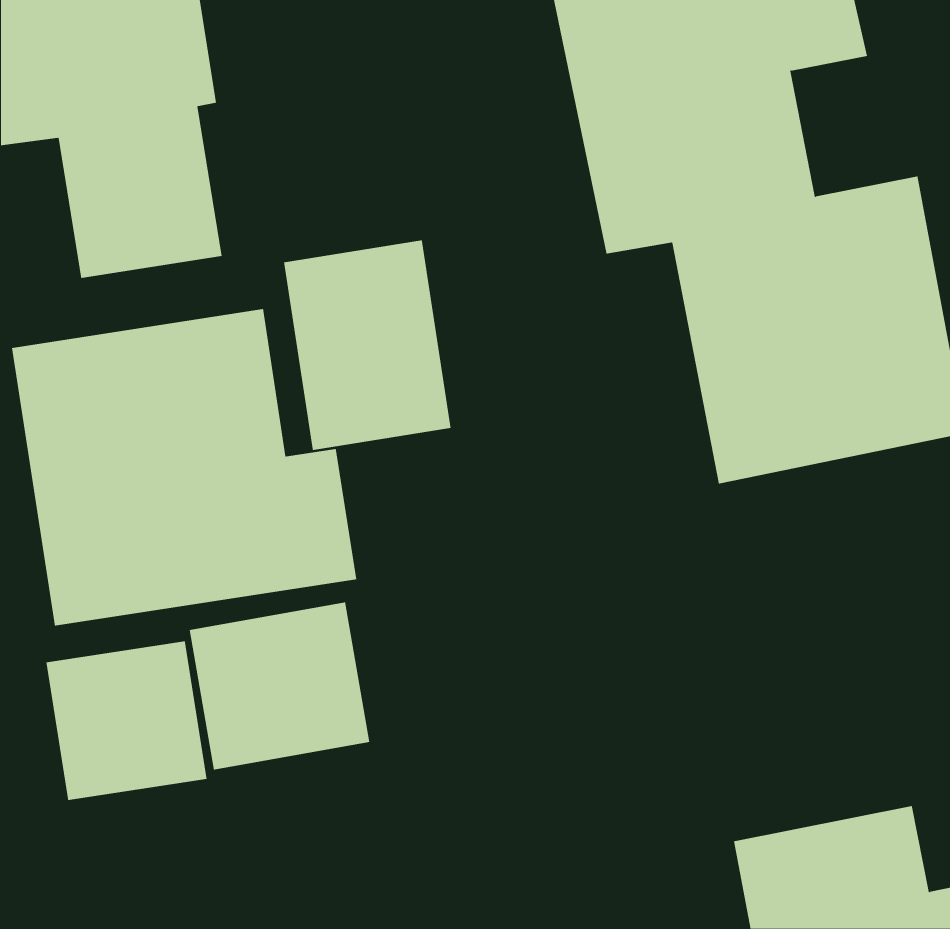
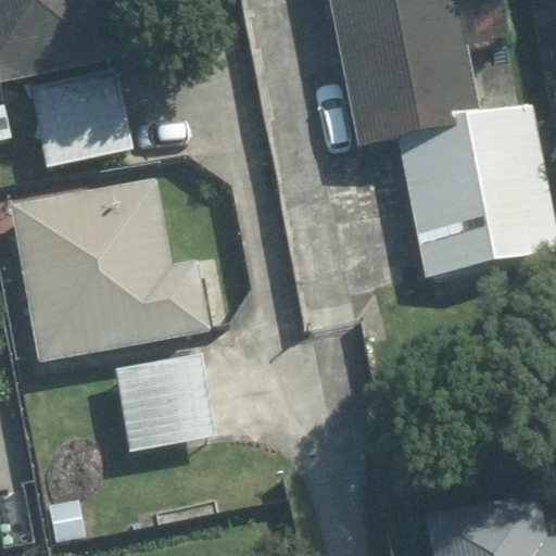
building: [283,239,451,451] -> none
building: [46,641,207,801] -> none

